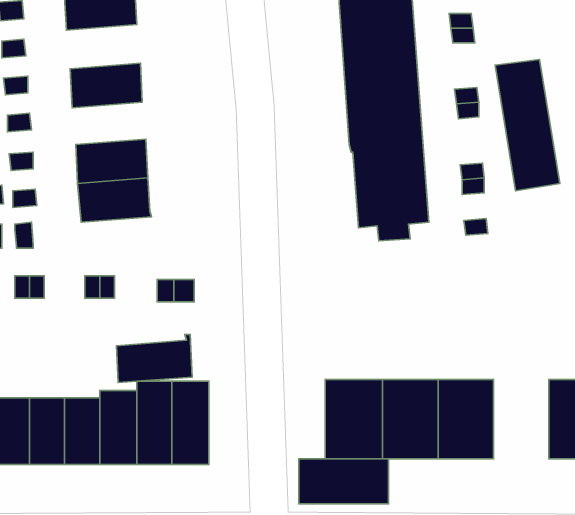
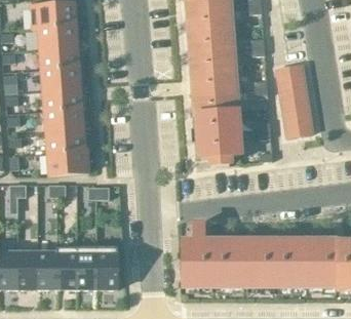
building: none -> [38,44,79,69]
building: none -> [41,87,82,111]
building: [116,335,192,383] -> [46,148,88,174]
building: none -> [275,241,306,285]
building: [299,459,388,504] -> none

